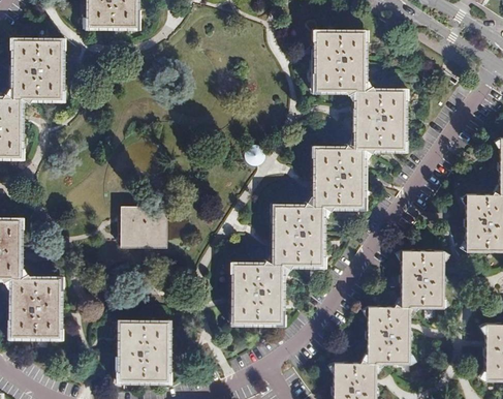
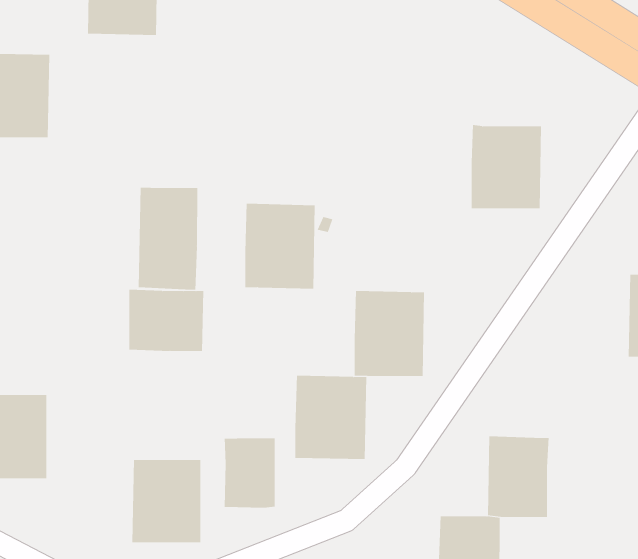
building: [315,30,365,90] -> none
building: none -> [138,187,198,291]
building: [314,147,364,207] -> [244,203,316,289]
building: [400,250,443,307] -> none
building: none -> [224,437,275,508]

